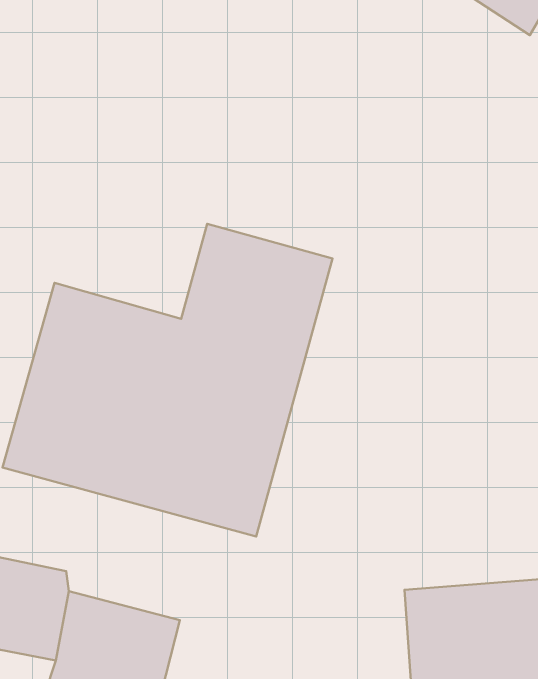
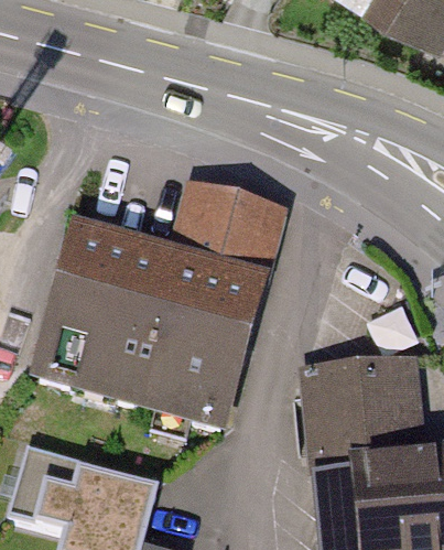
building: none -> [295,354,421,463]

